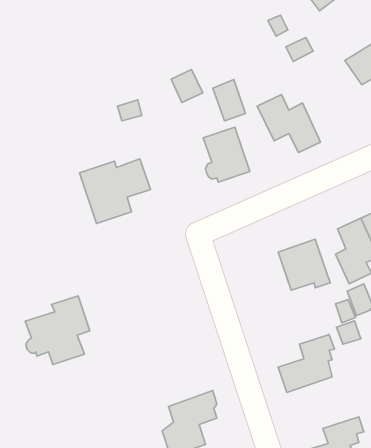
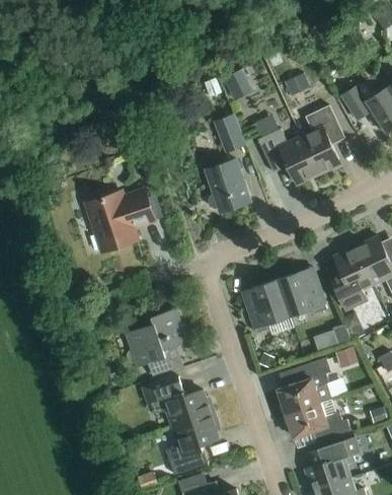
building: [171,70,203,102] -> [224,69,254,100]
building: none -> [301,105,344,173]
building: none -> [242,279,290,333]
building: [25,296,90,365] -> [126,308,187,374]
building: none -> [145,376,215,427]
building: none -> [286,399,350,440]

